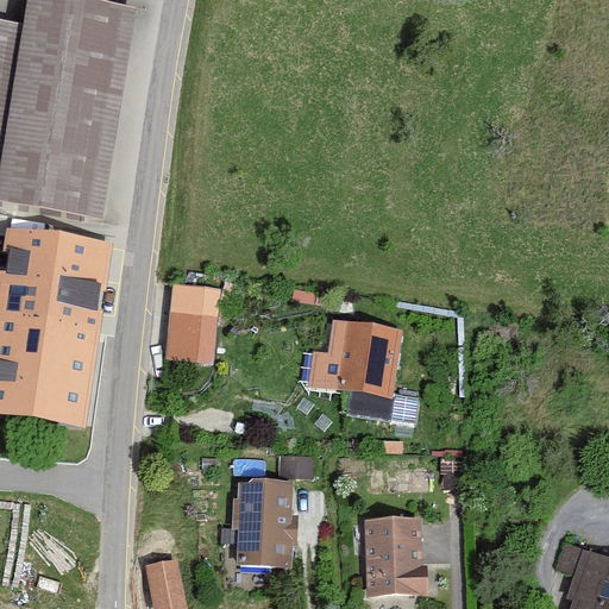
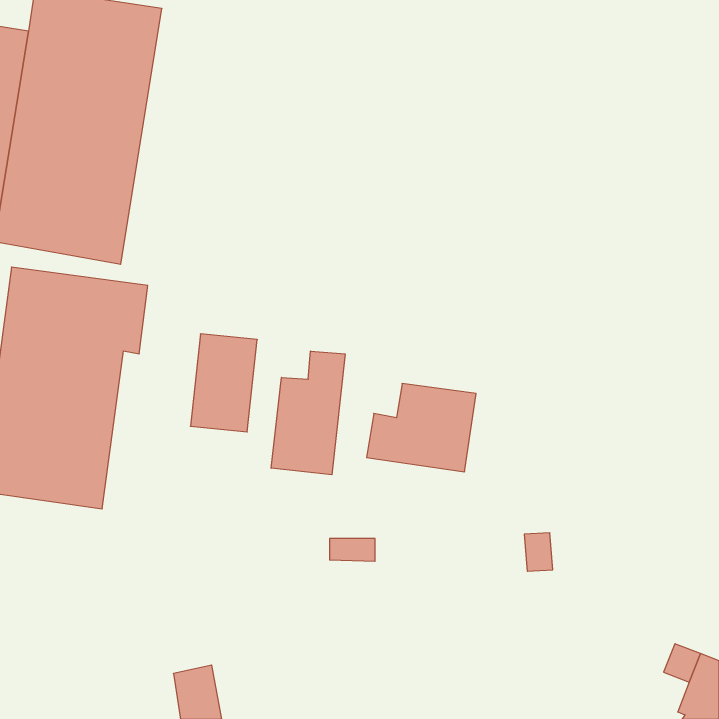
building: none -> [271,351,345,475]
building: [238,479,289,564] -> none
building: [366,516,428,596] -> none

